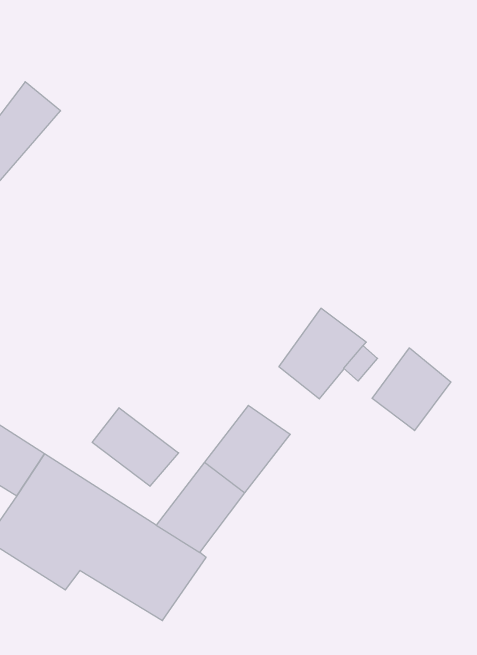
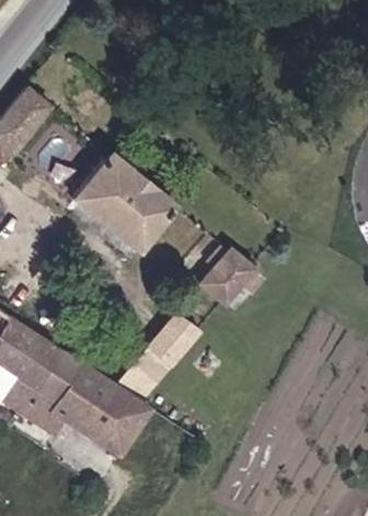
building: none -> [68,151,173,250]
building: [372,348,451,431] -> none
building: [92,408,179,486] -> none

